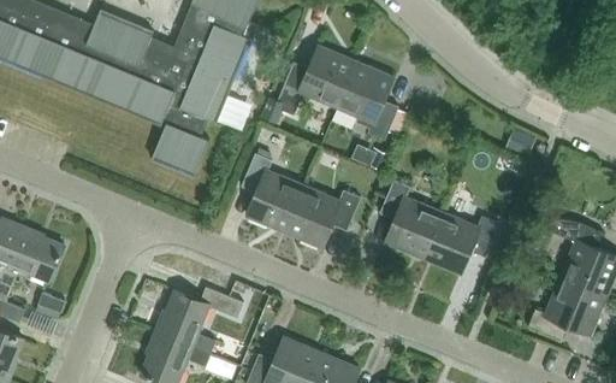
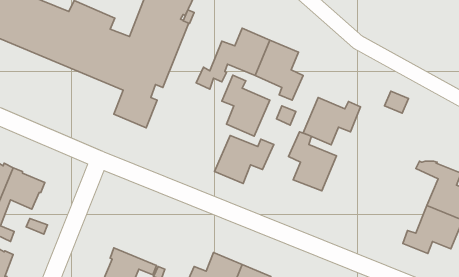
building: [241,152,303,231] -> [222,75,270,136]
building: [422,211,497,272] -> [303,98,361,145]
building: [152,288,241,354] -> none

